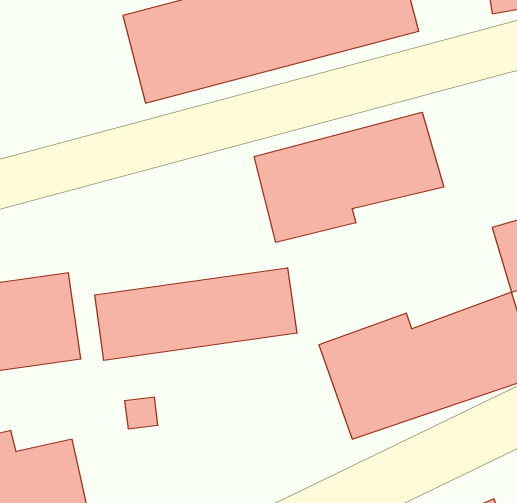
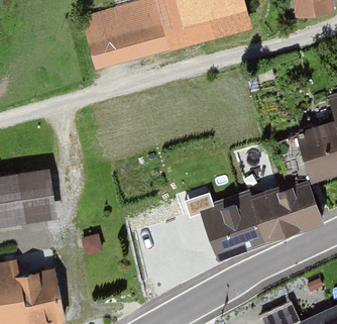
building: [254,112,444,242] -> none
building: [95,268,297,360] -> none

